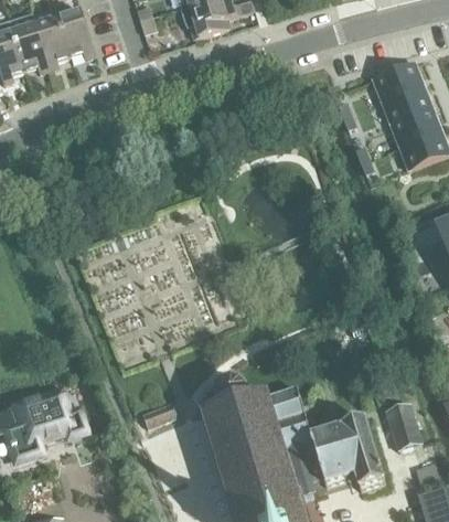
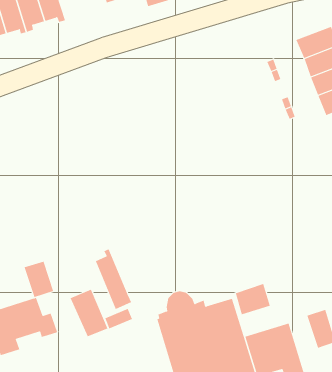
building: none -> [95,249,132,310]
building: none -> [24,261,54,298]
building: none -> [235,283,270,315]
building: none -> [70,289,108,337]

